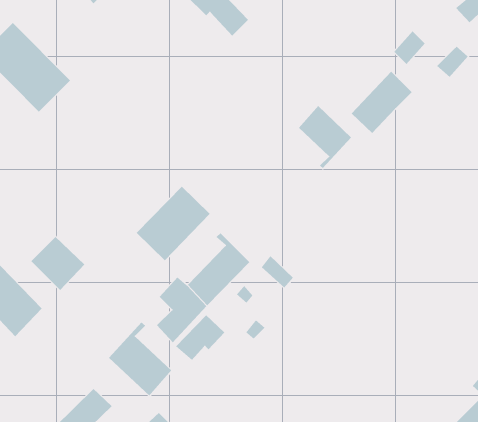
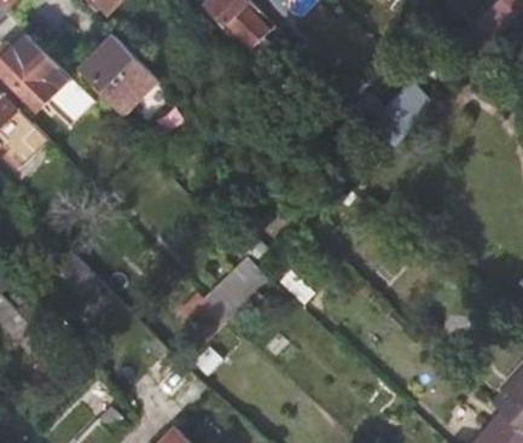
building: none -> [81,36,157,113]
building: [298,105,352,169] -> none
building: [136,186,211,261] -> none
building: [108,322,172,397] -> none

